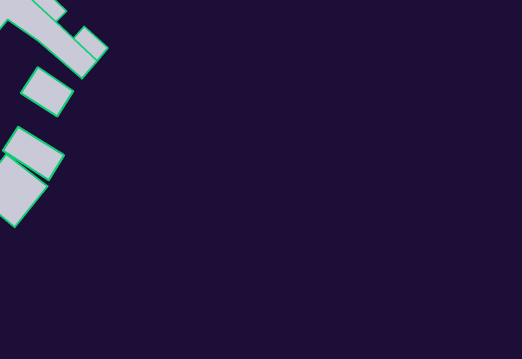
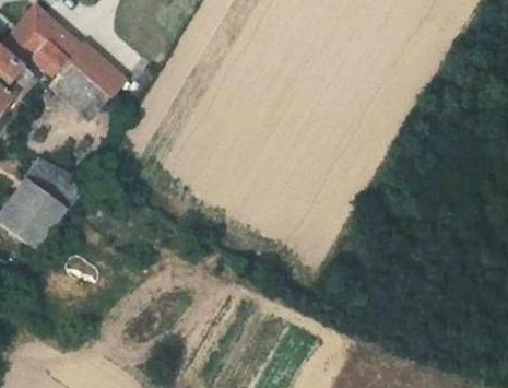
building: [21,67,73,116] -> none

